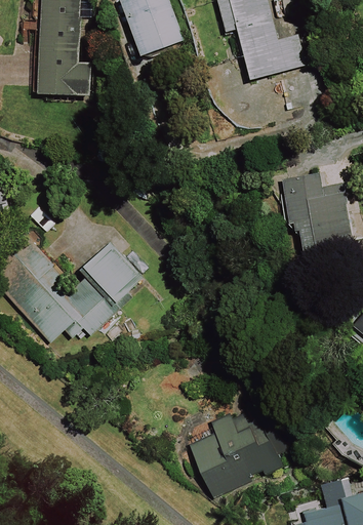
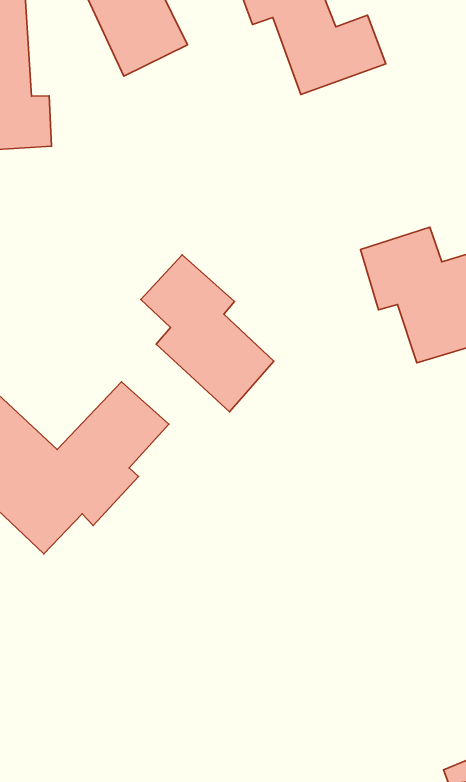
building: none -> [141,255,274,412]
building: [187,409,272,497] -> none

